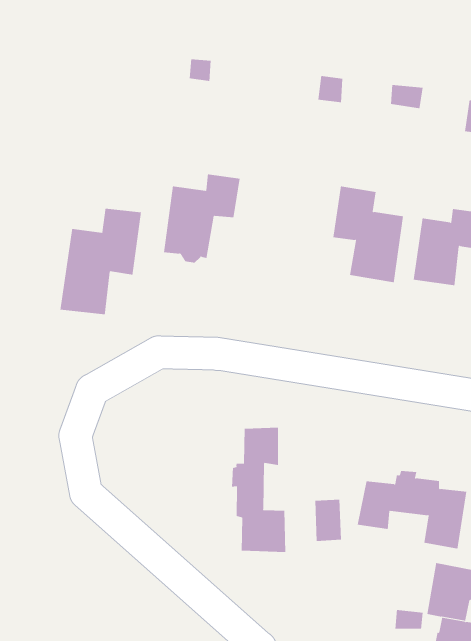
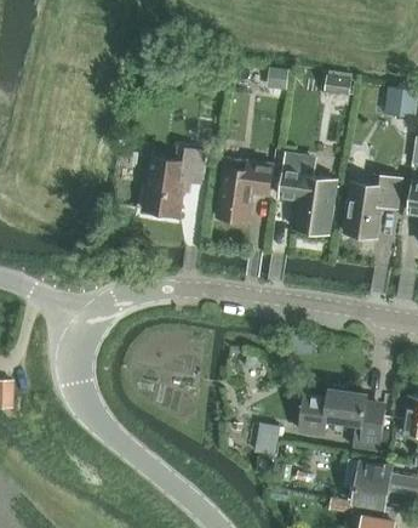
building: none -> [216,161,273,223]
building: [60,208,141,315] -> none
building: [232,427,286,553] -> none

